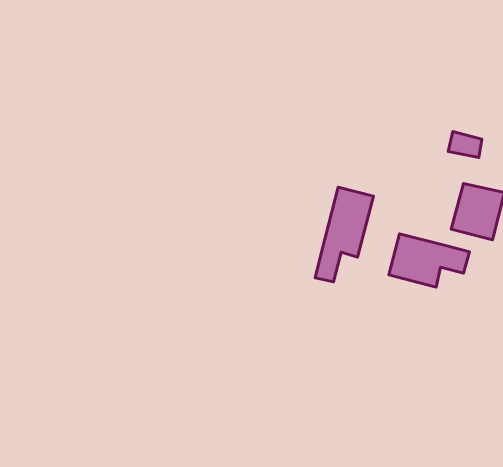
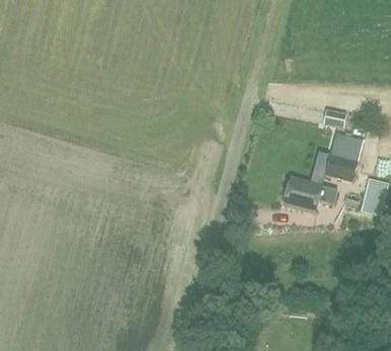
building: [315,187,373,282] -> none

